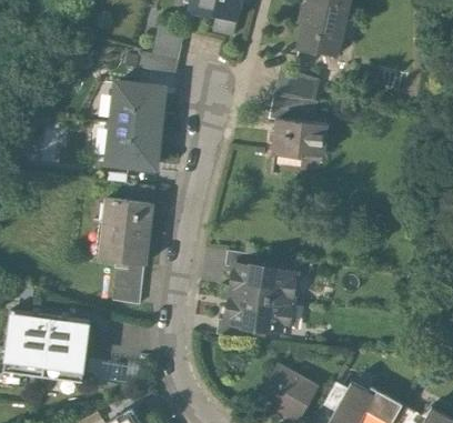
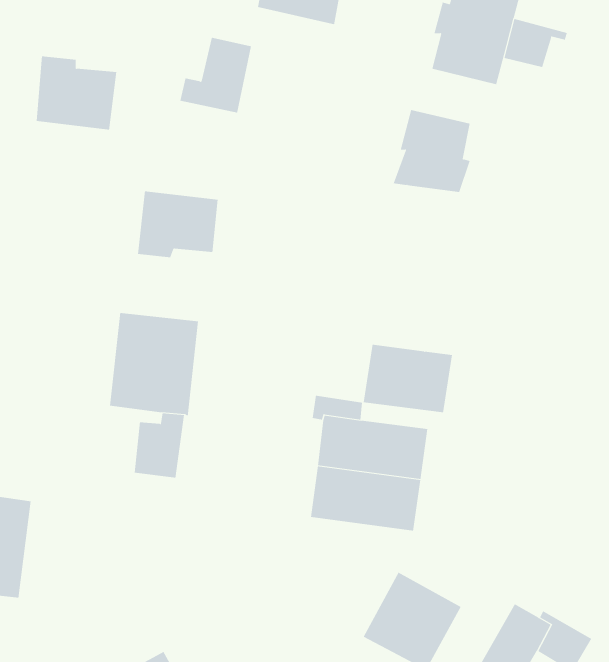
building: none -> [504,18,568,68]
building: [118,82,169,129] -> [36,56,117,130]
building: [278,120,334,163] -> [363,344,453,413]
building: [39,319,87,385] -> none

